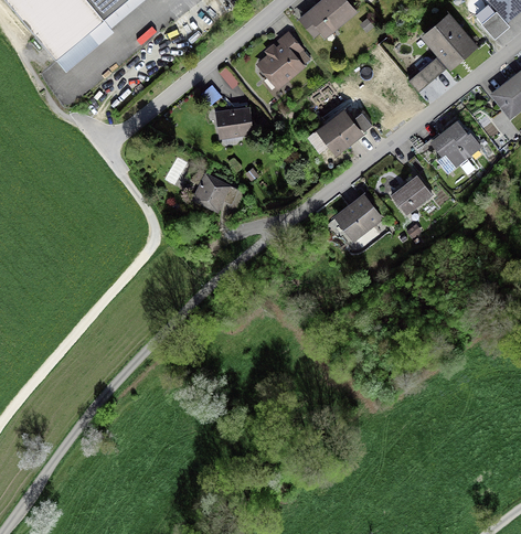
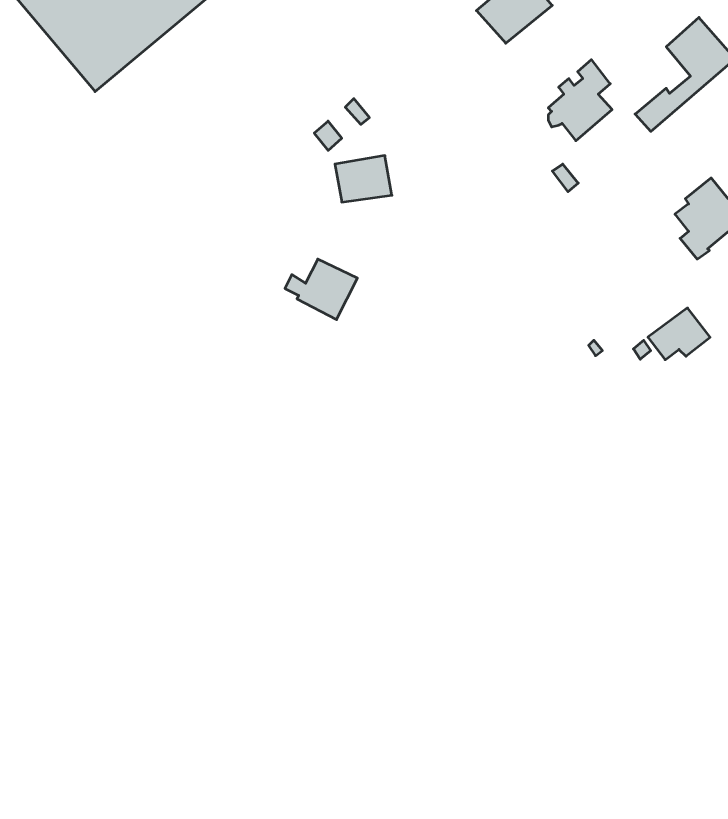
building: [259,33,300,85] -> [548,60,612,141]
building: [319,111,359,151] -> none
building: [391,175,430,209] -> [648,308,710,360]
building: [337,195,379,237] -> none

